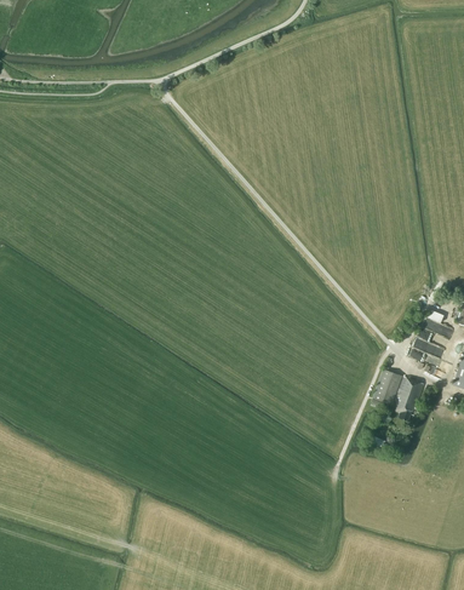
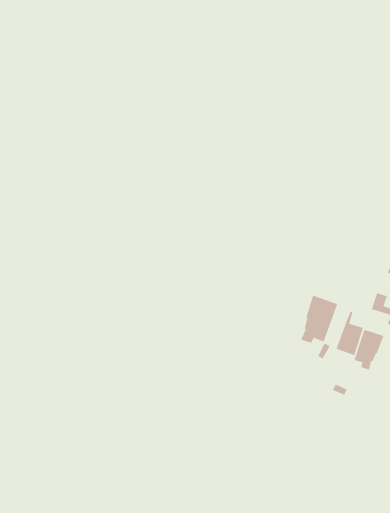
building: none -> [300,295,338,344]

